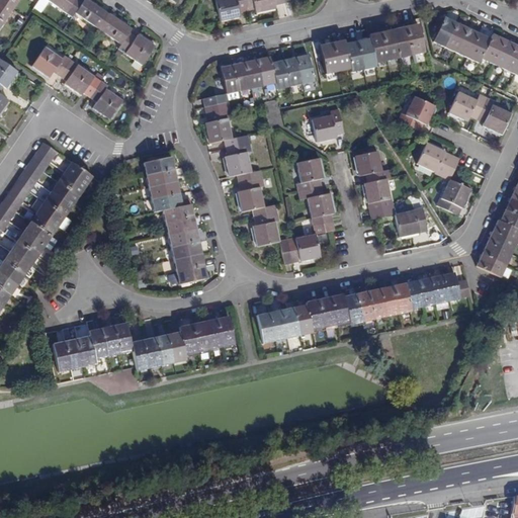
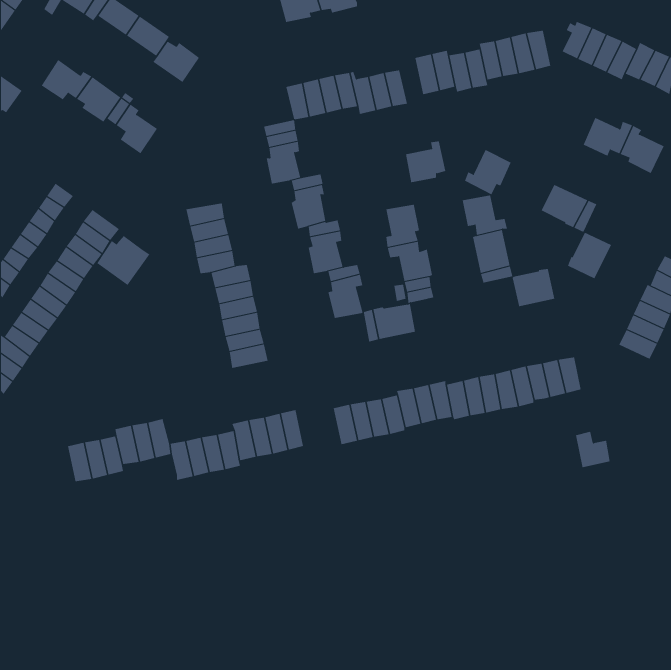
building: [399,95,435,131] -> [464,149,511,195]
building: none -> [97,235,150,286]
building: [443,271,470,299] -> [575,431,611,468]

